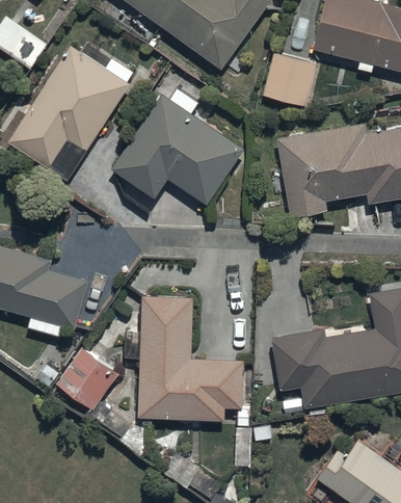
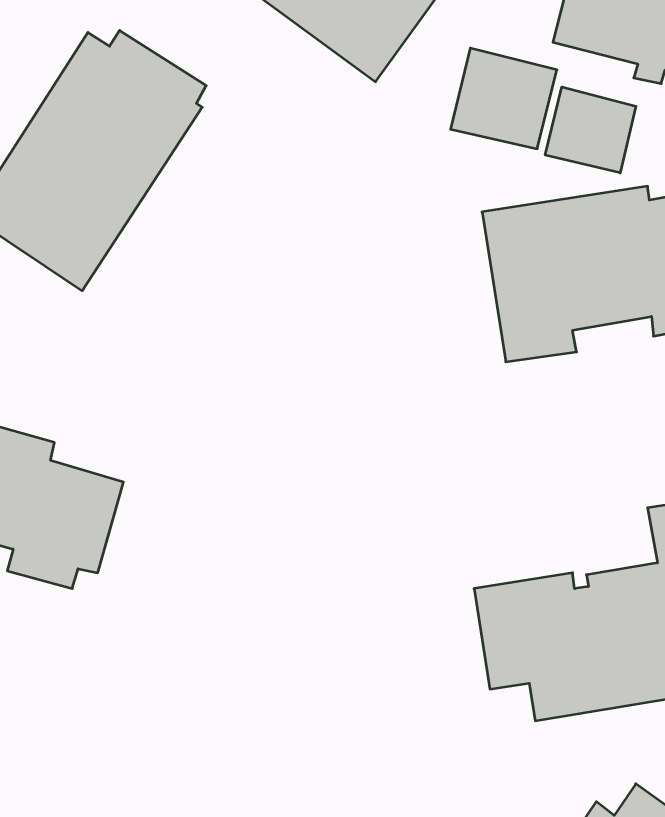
building: none -> [545,87,636,173]
building: [111,88,244,205] -> none
building: [122,296,244,419] -> none
building: [57,348,117,408] -> none

